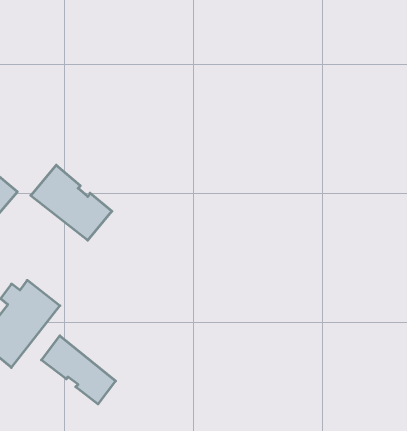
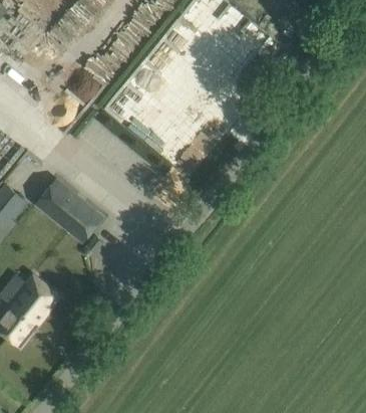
building: [41,336,116,404] -> none

